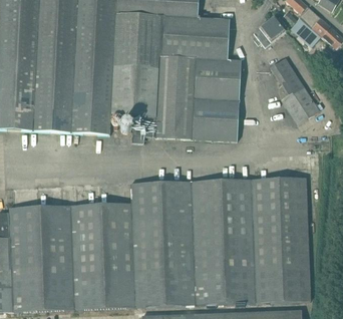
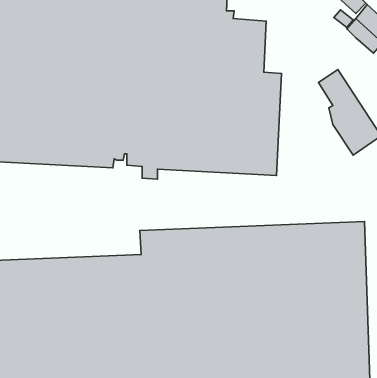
building: [253,15,286,47] -> none

